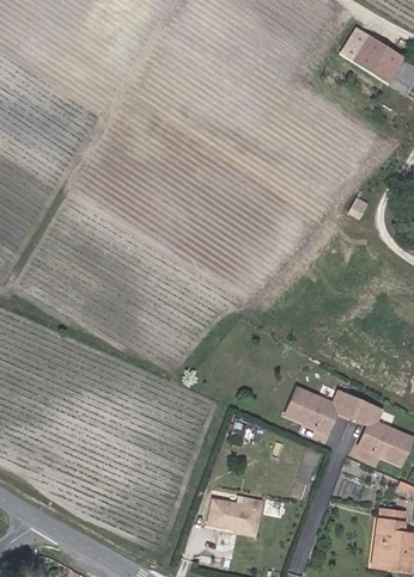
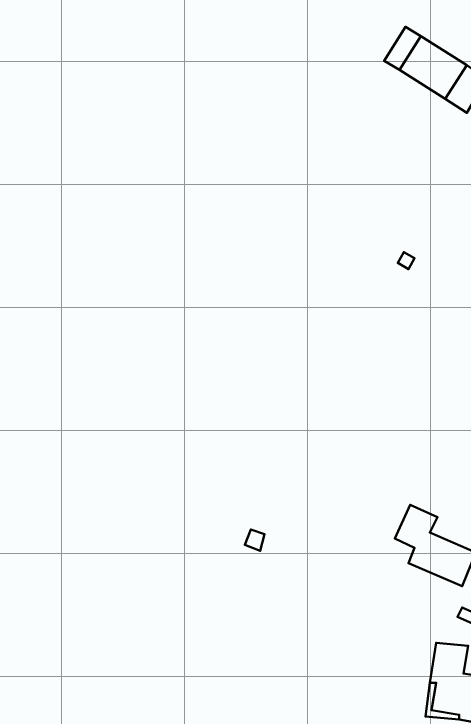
building: [285,388,360,434] -> none
building: [208,498,261,535] -> none

